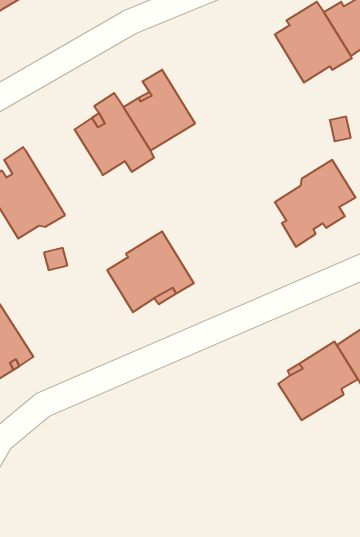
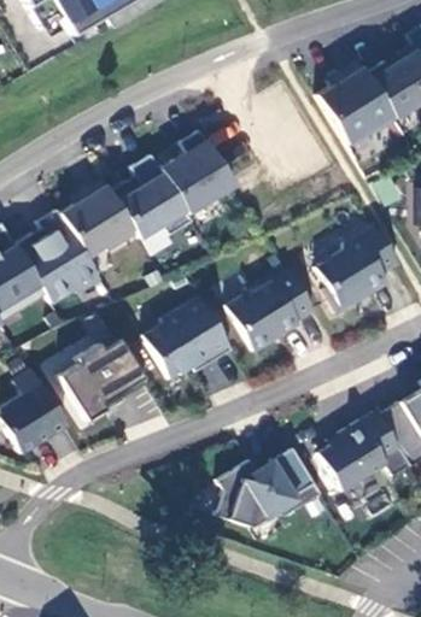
building: none -> [62,178,138,255]
building: none -> [228,268,316,348]
building: none -> [60,336,150,419]
building: none -> [217,445,323,524]

